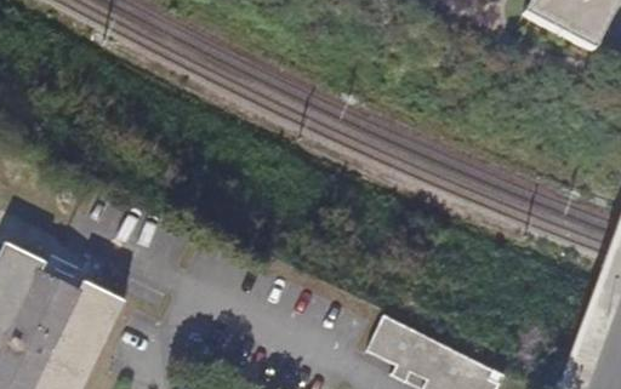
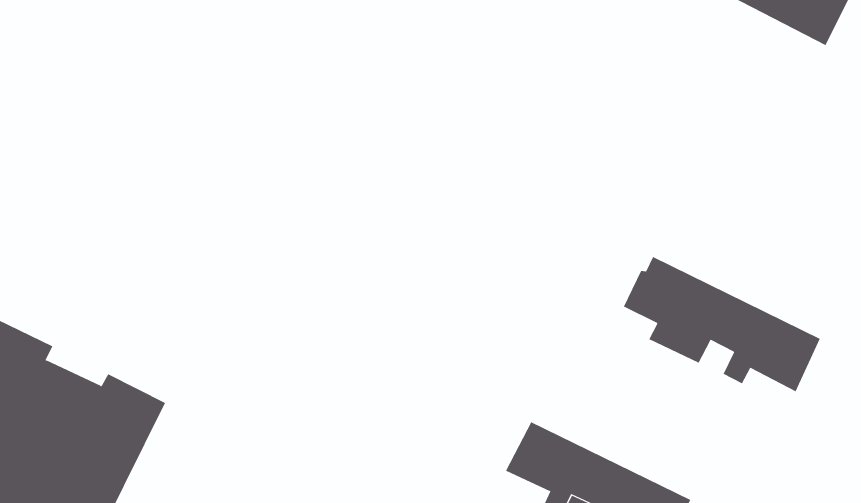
building: none -> [623,256,821,392]

